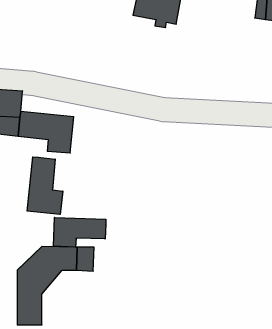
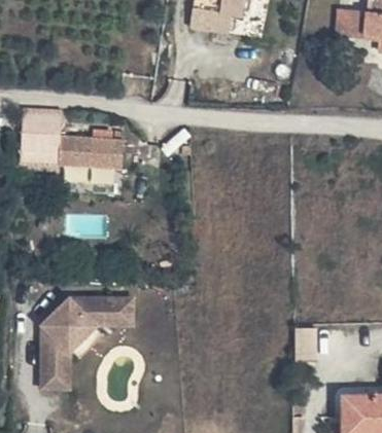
building: [27,157,63,214] -> none
building: [53,217,106,247] -> none

